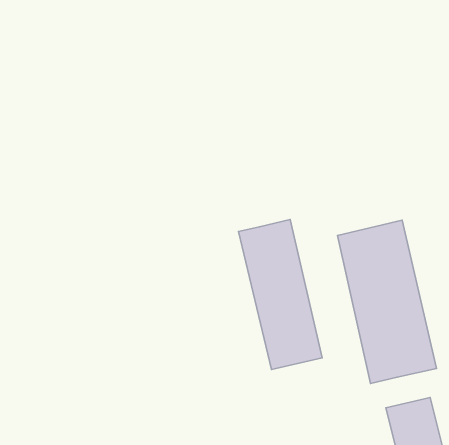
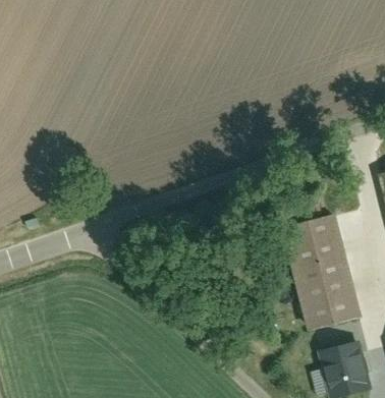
building: [239,220,322,369] -> none

